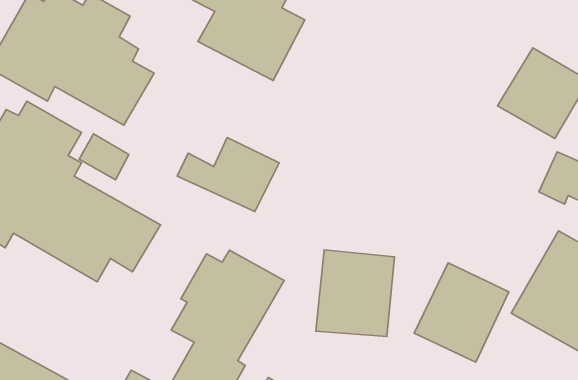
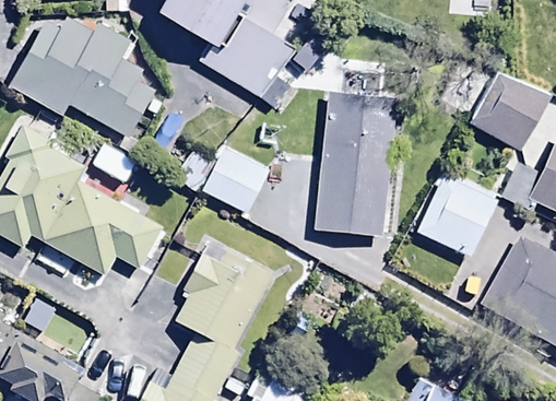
building: none -> [315,74,399,238]
building: [316,250,394,337] -> none
building: [414,263,509,362] -> [415,170,500,260]

